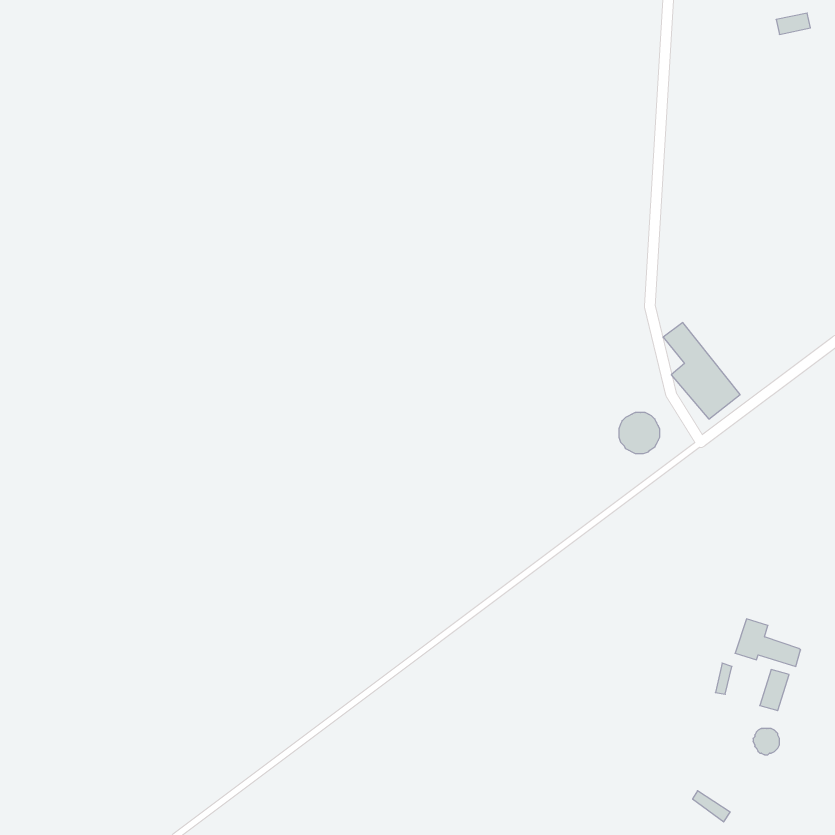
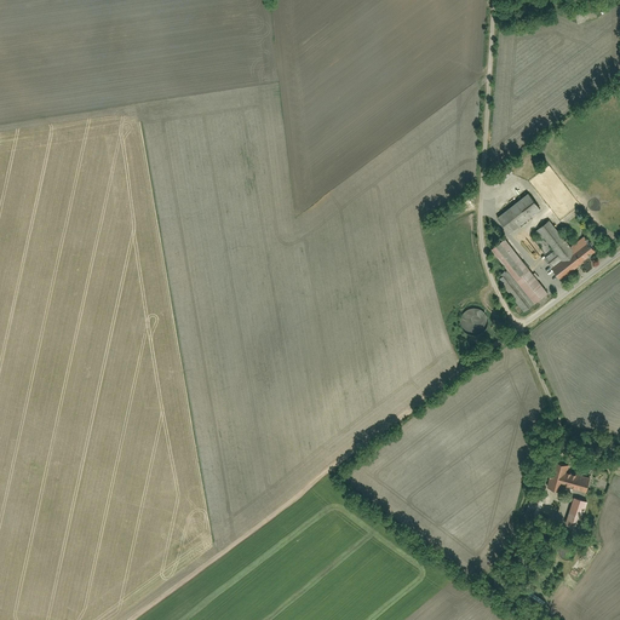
building: none -> [498,195,541,236]
building: none -> [539,224,596,280]

